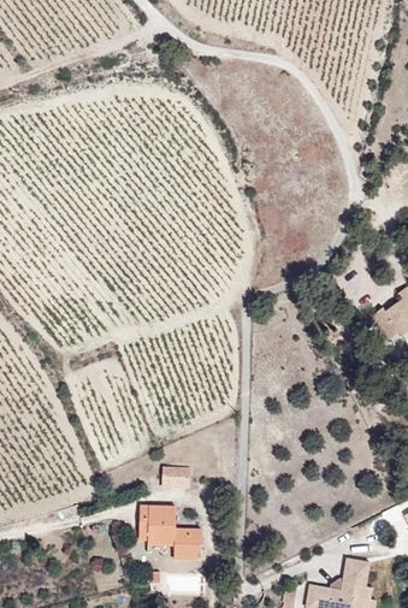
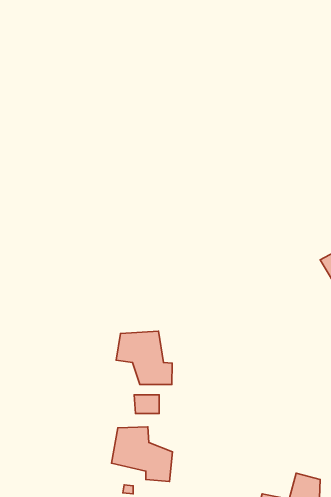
building: none -> [116,331,172,385]

